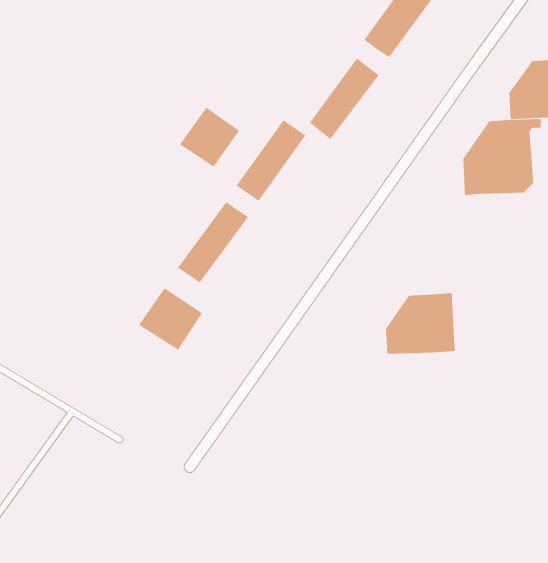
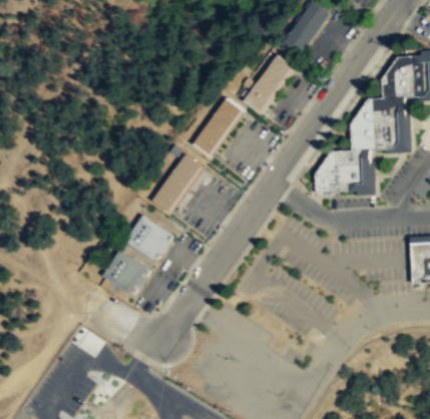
building: [179,107,240,168] -> none
building: [385,293,455,354] -> [316,149,365,192]
building: none -> [101,250,146,294]

